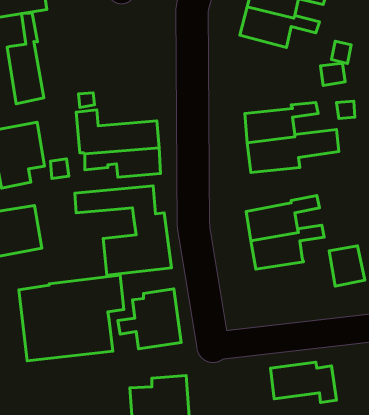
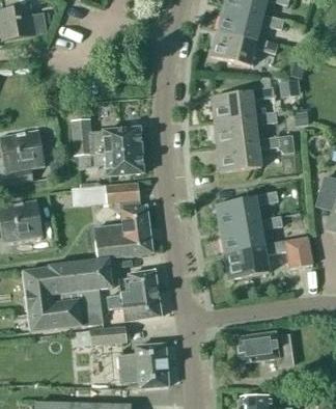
building: [7,13,44,104] -> none
building: none -> [212,87,274,121]
building: none -> [224,240,286,279]
building: none -> [89,326,127,346]

